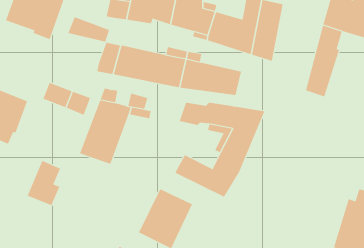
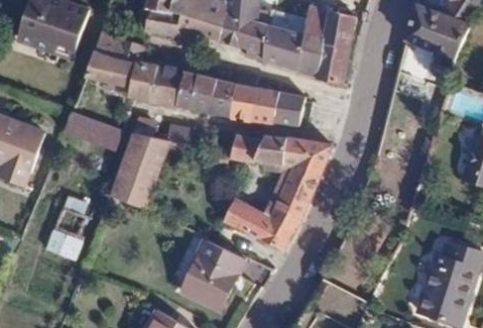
building: none -> [84,50,140,87]

